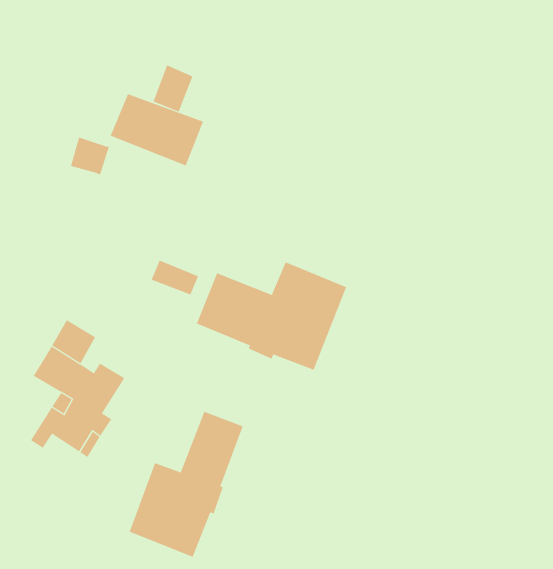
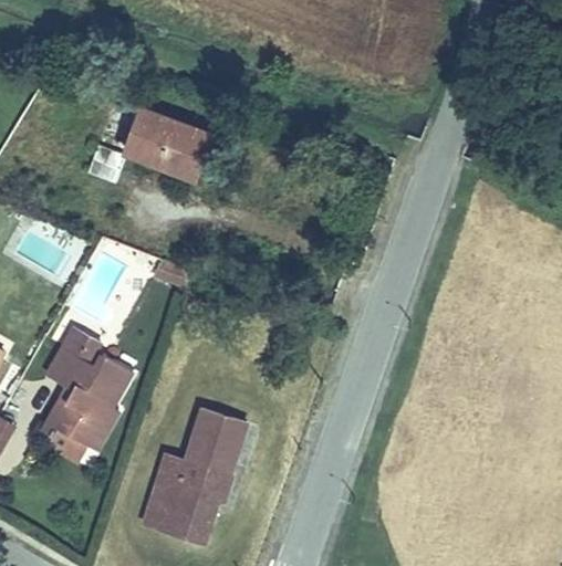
building: [153,65,193,112] -> none
building: [196,261,347,370] -> none

